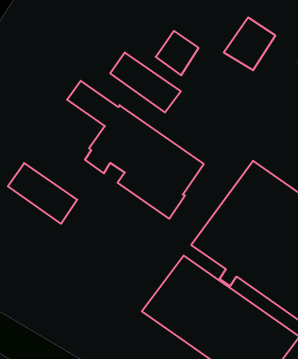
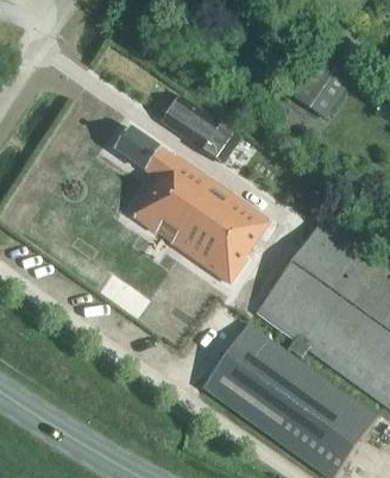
building: [156,31,198,75] -> none
building: [8,163,77,224] -> none

